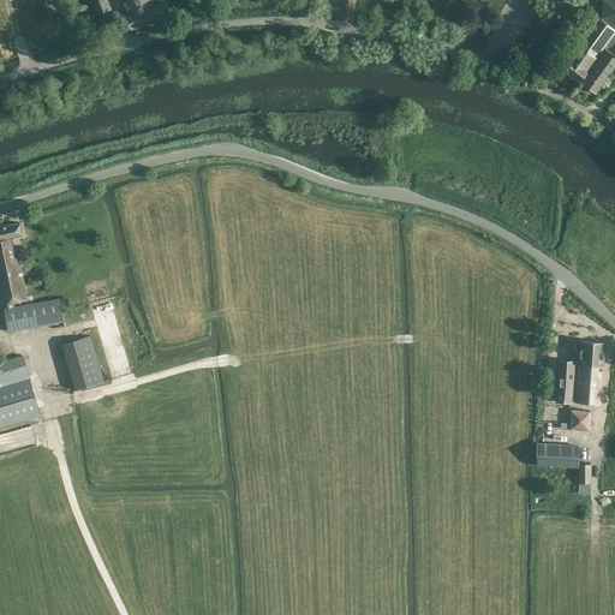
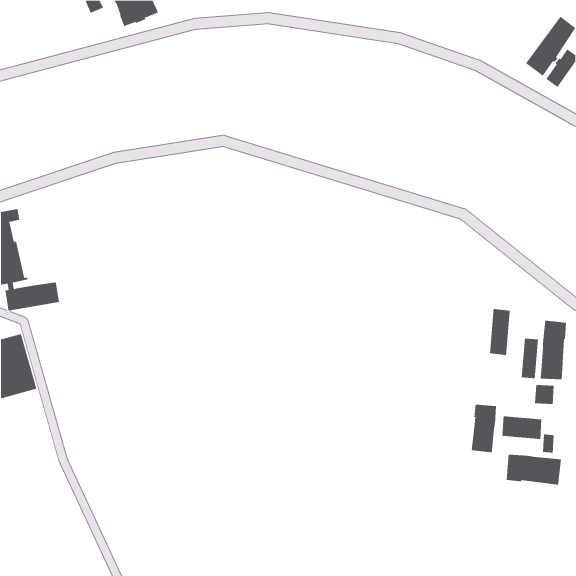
building: none -> [489,308,510,356]
building: [62,335,103,390] -> none
building: none -> [471,404,497,453]
building: none -> [506,454,562,485]

